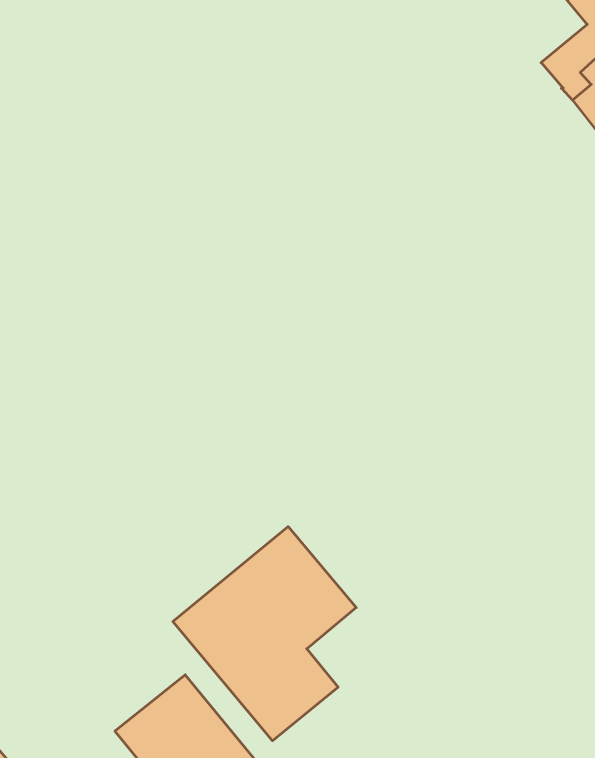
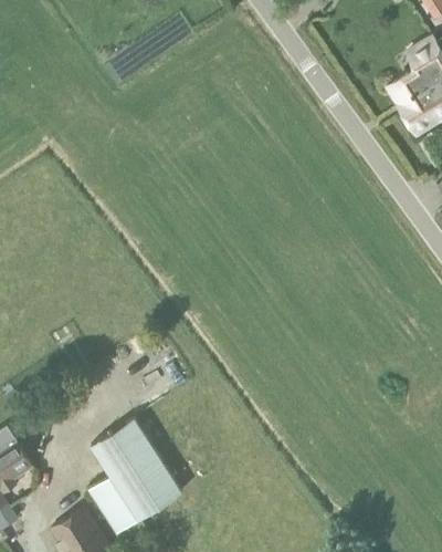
building: [173,527,356,741] -> none

